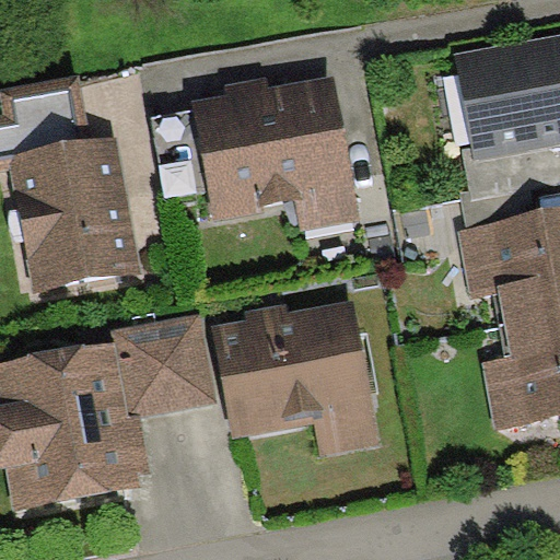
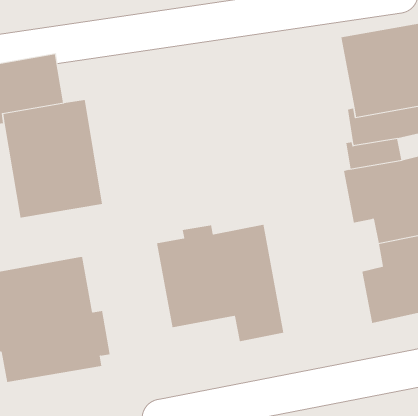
building: [192,75,360,230] -> none
building: [112,314,217,417] -> none

